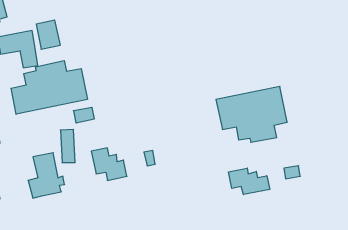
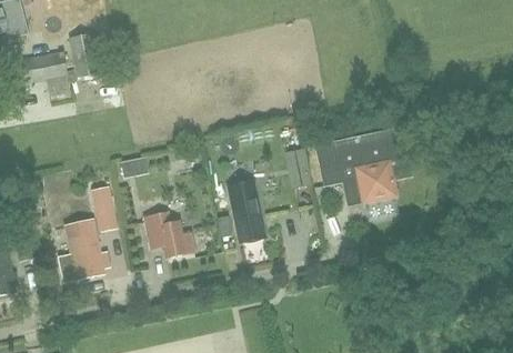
building: [11,61,87,114] -> none
building: none -> [225,180,263,243]
building: [229,168,270,195] -> none

